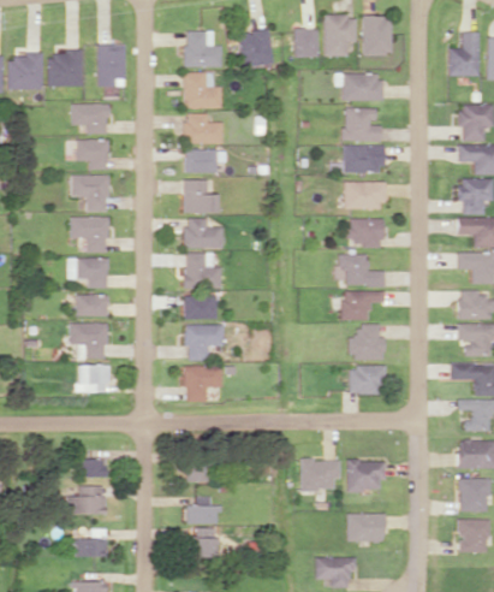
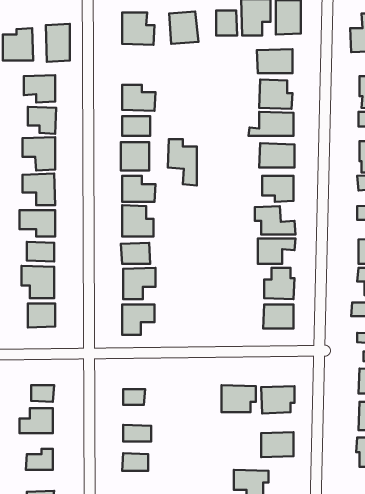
building: [185,72,222,108] -> none
building: none -> [168,139,197,185]

